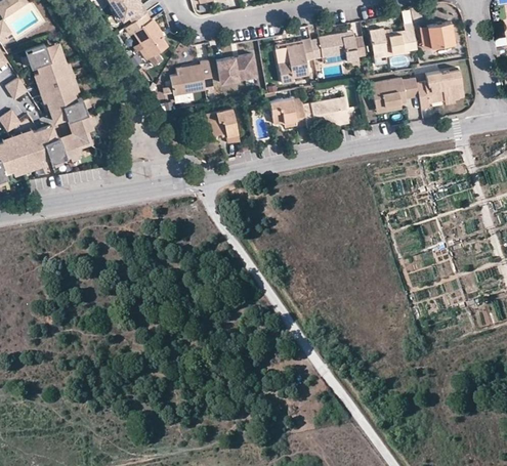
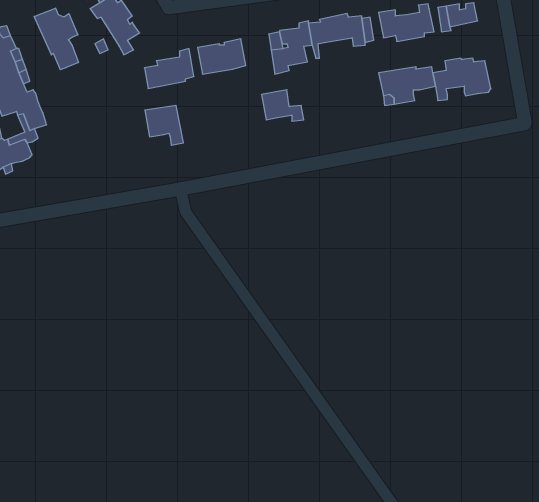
building: none -> [34,8,78,70]
building: [303,96,349,129] -> none
building: [206,108,239,141] -> [145,105,183,145]

